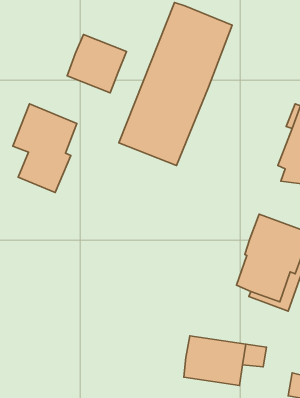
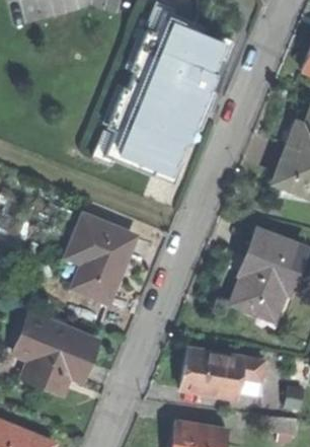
building: [67,34,127,93] -> none
building: [13,104,77,193] -> [65,218,128,305]
building: none -> [14,314,97,393]

